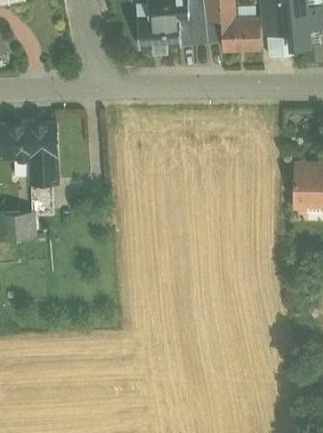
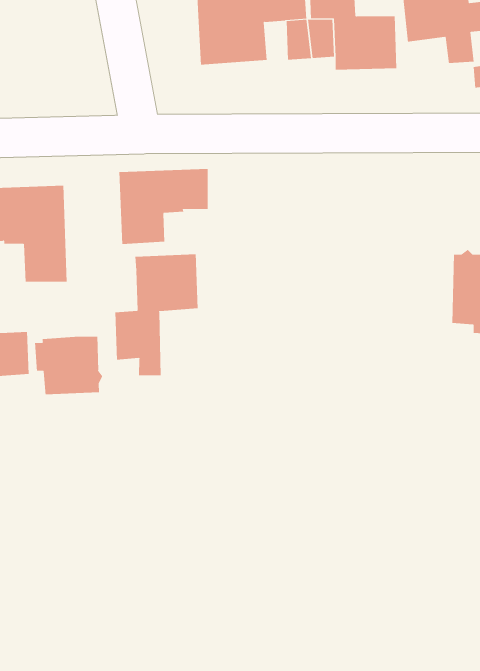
building: none -> [119,168,208,245]
building: none -> [115,253,198,376]
building: none -> [34,336,103,395]

